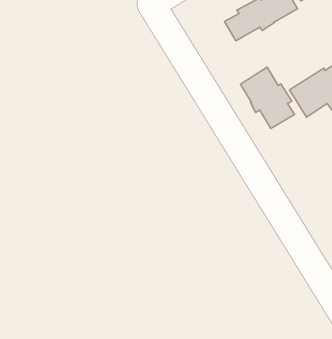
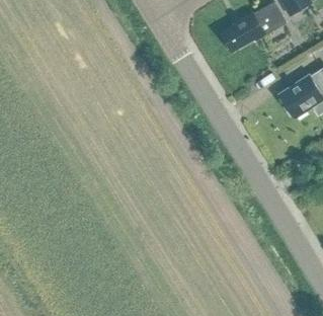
building: [240,67,294,129] -> none

